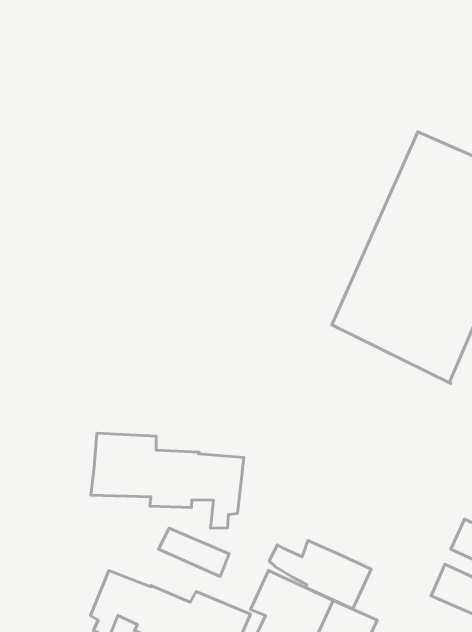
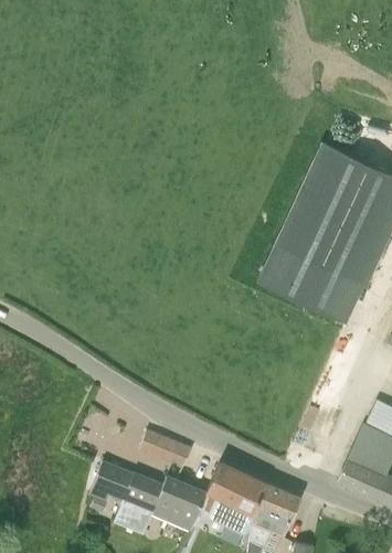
building: [91,433,244,528] -> none
building: [269,540,371,609] -> none

